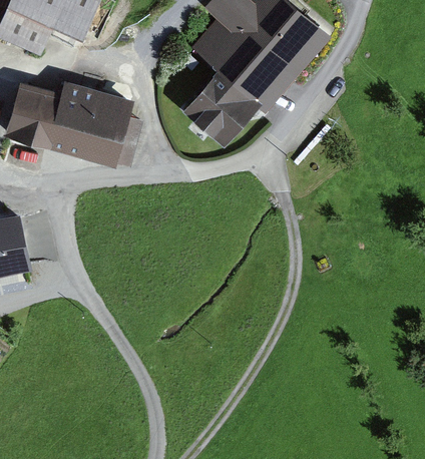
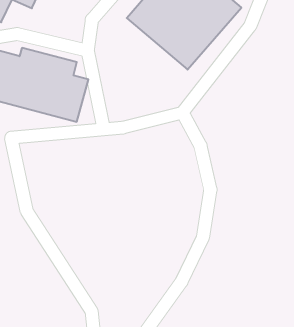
building: [179,67,257,143] -> none

